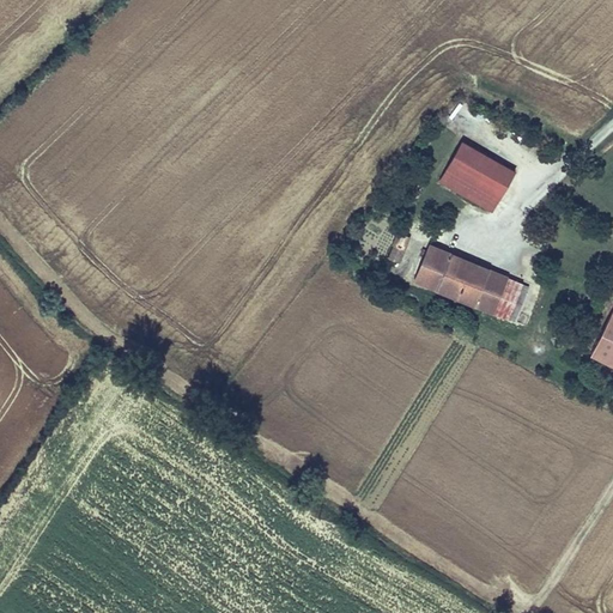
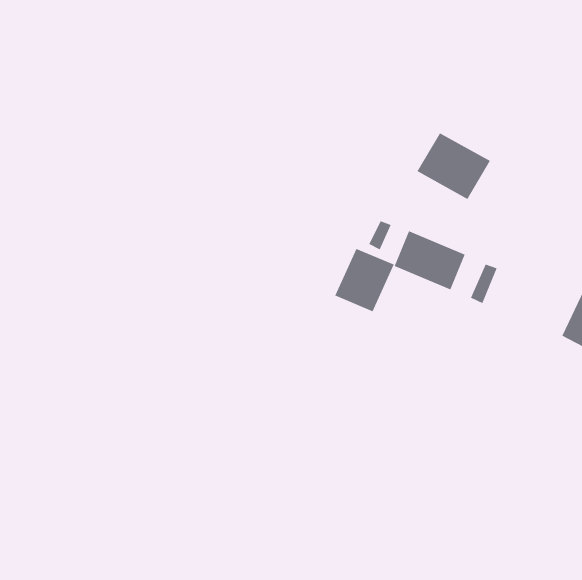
building: none -> [335,248,394,312]
building: [474,271,510,316] -> none

